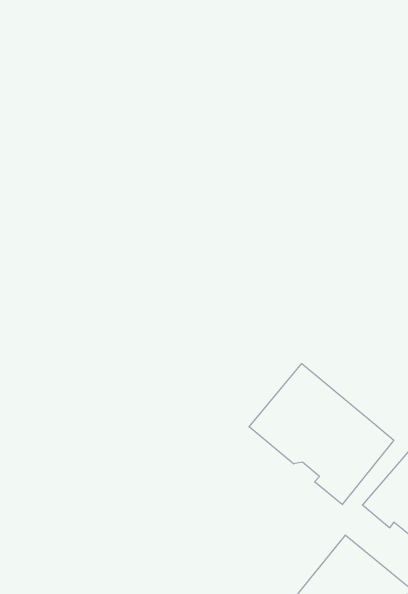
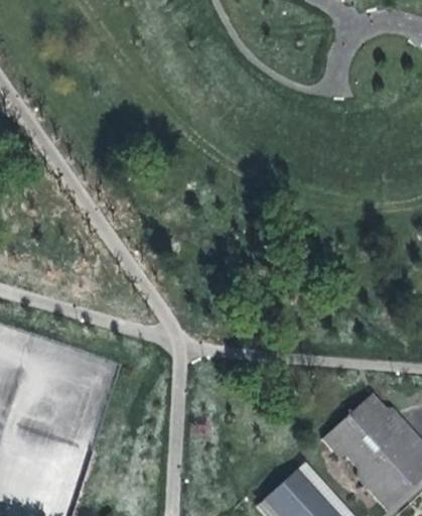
building: [249,364,394,505] -> none

